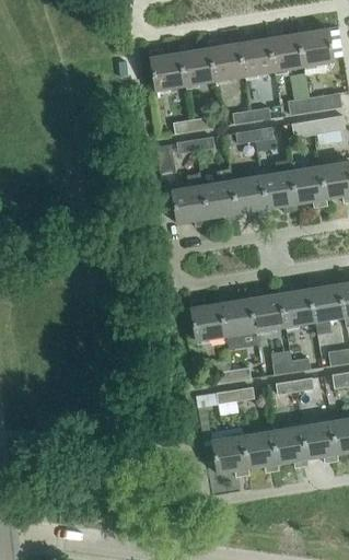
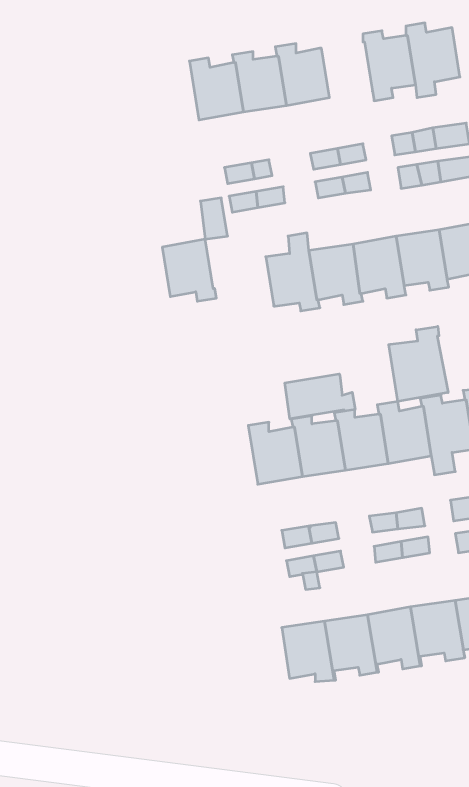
building: [237,34,275,75] -> none
building: [172,185,209,228] -> [162,239,216,301]
building: none -> [389,326,448,402]
building: none -> [285,374,355,419]

